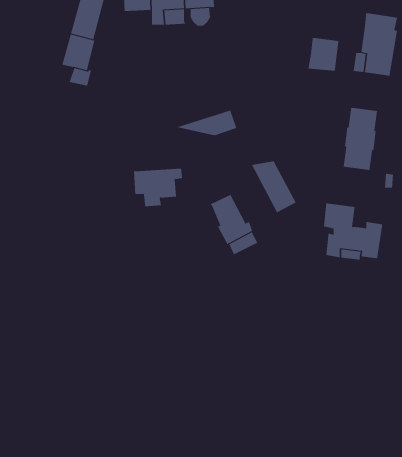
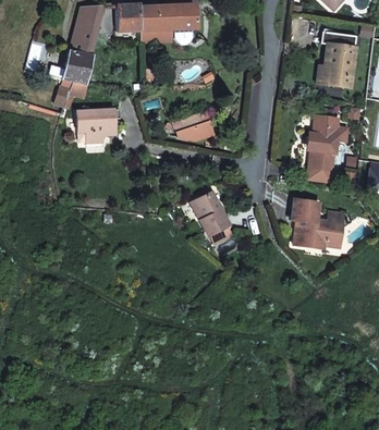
building: [308,37,339,72] -> none
building: [251,161,297,213] -> none
building: [133,168,183,207] -> [76,109,120,143]

